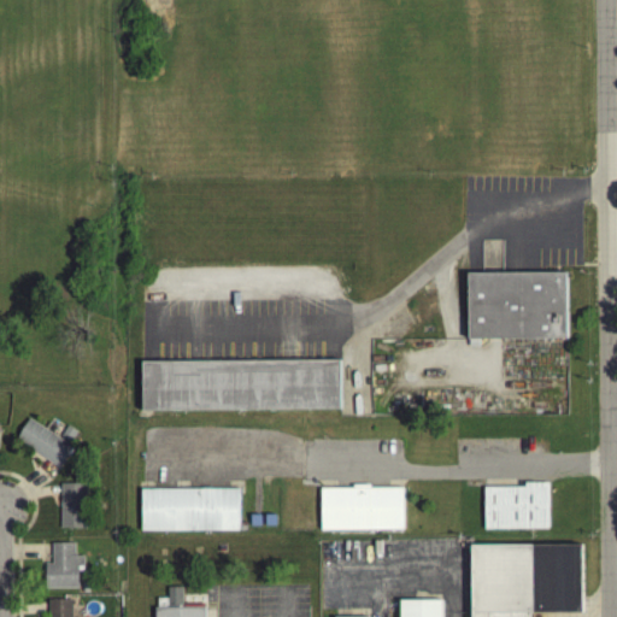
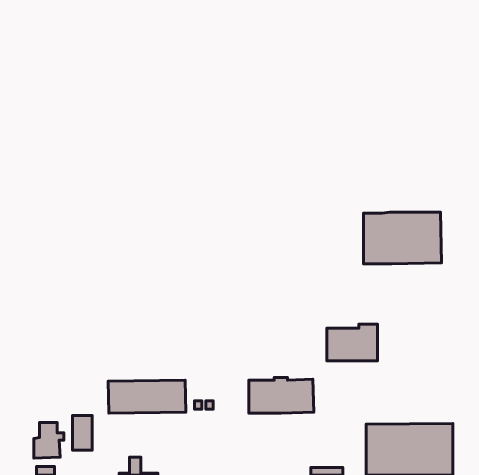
building: [142,359,341,410] -> none
building: [14,417,72,466] -> none
building: [483,482,548,529] -> [327,324,378,361]
building: [60,483,86,528] -> [72,415,92,450]

